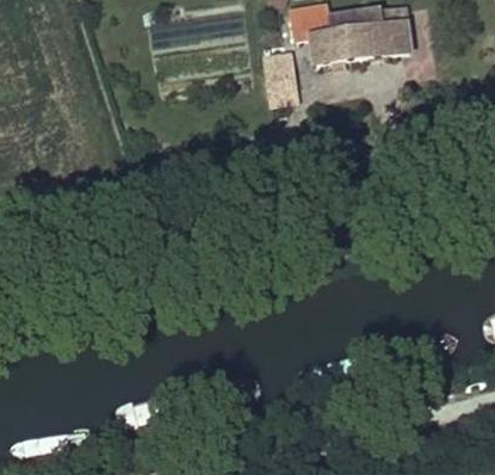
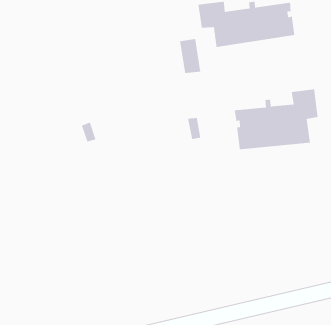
building: none -> [234,88,318,150]

